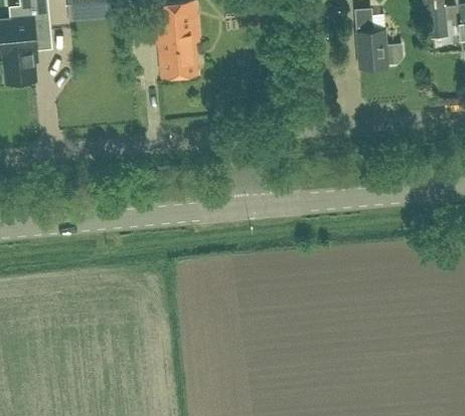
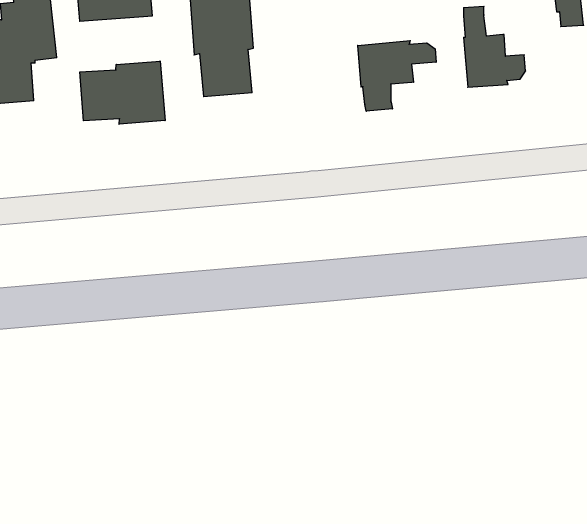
building: none -> [358,41,436,111]
building: none -> [80,61,165,124]

